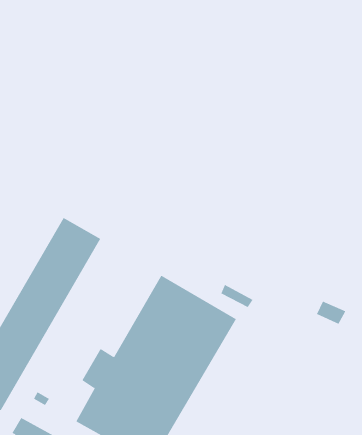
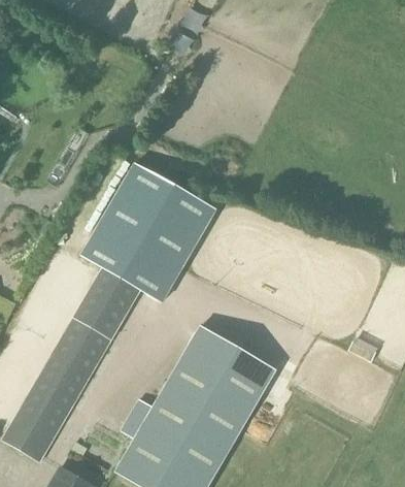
building: none -> [83,164,214,301]

